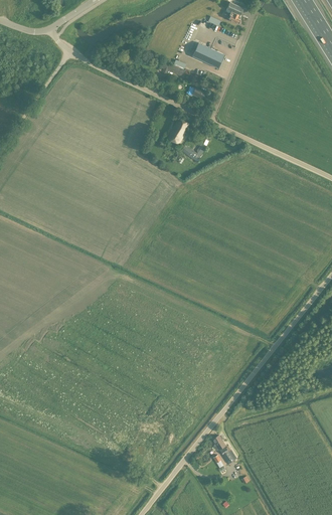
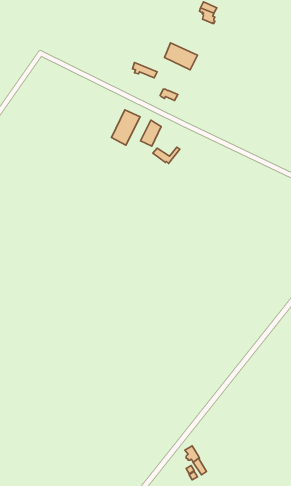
building: none -> [112,110,140,145]

